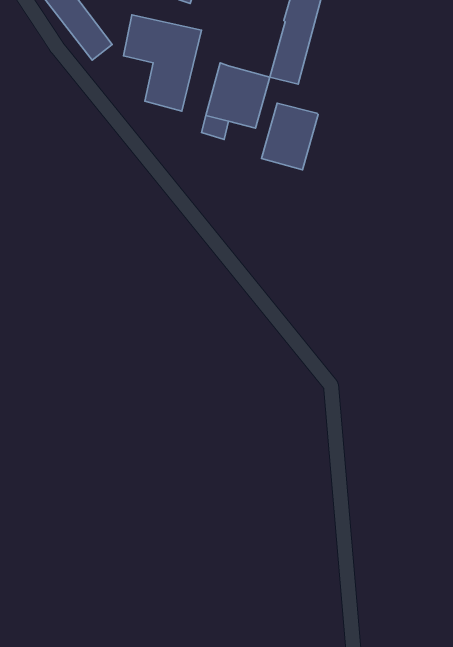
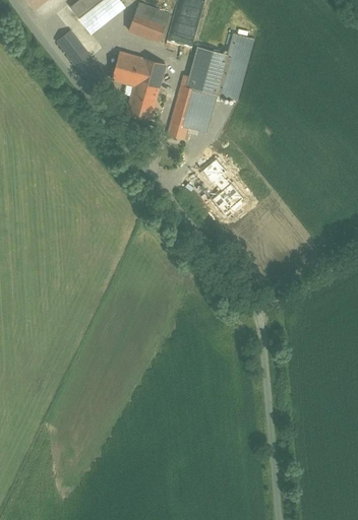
building: [261,103,318,170] -> [186,48,227,95]

